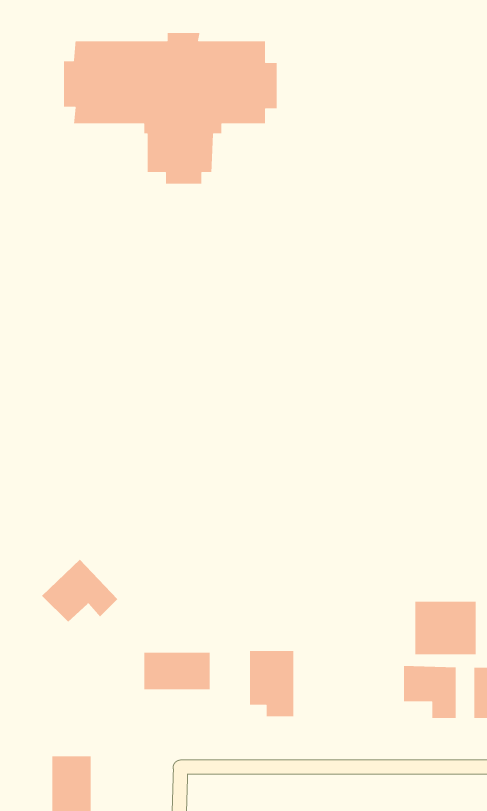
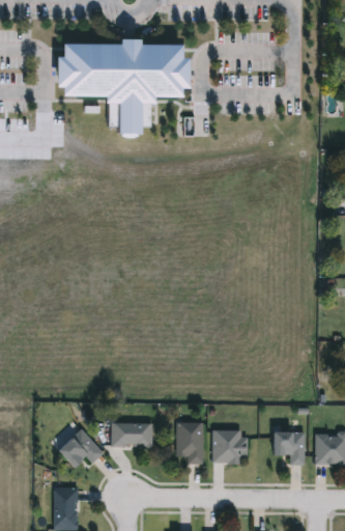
building: [41,559,118,622] -> [56,428,104,468]
building: [414,601,477,655] -> none
building: none -> [212,430,248,463]

